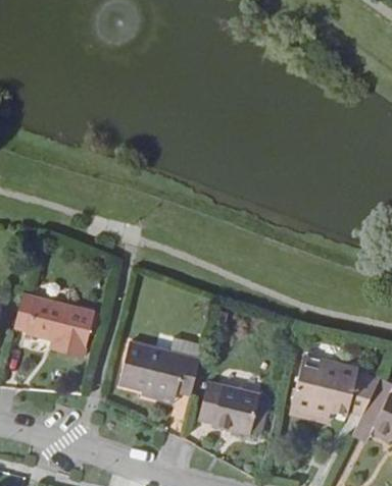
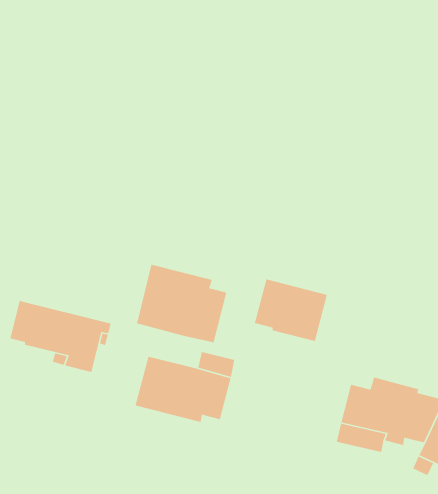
building: none -> [136,264,227,343]
building: [198,381,260,434] -> [254,279,328,342]

